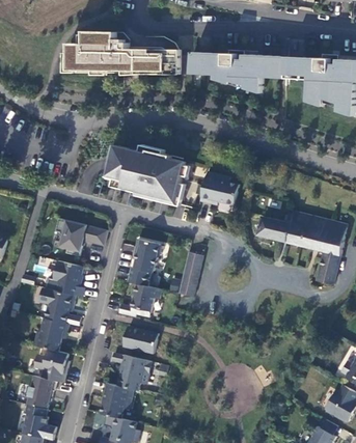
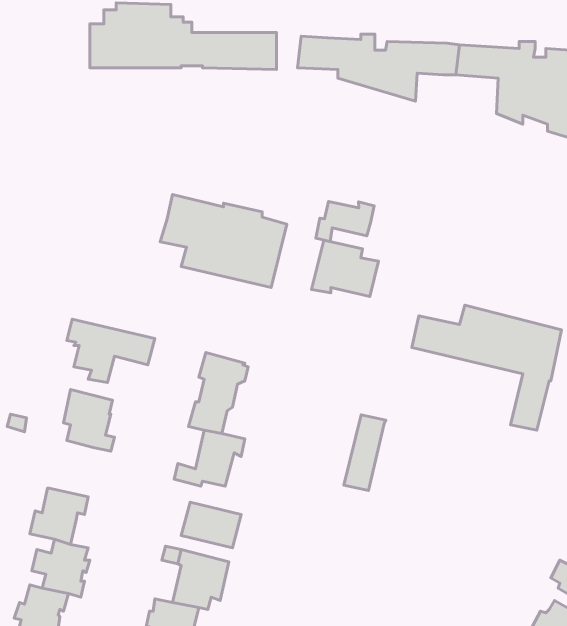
building: none -> [316,202,374,242]
building: [177,252,202,297] -> [344,415,386,490]
building: [38,287,76,326] -> none

